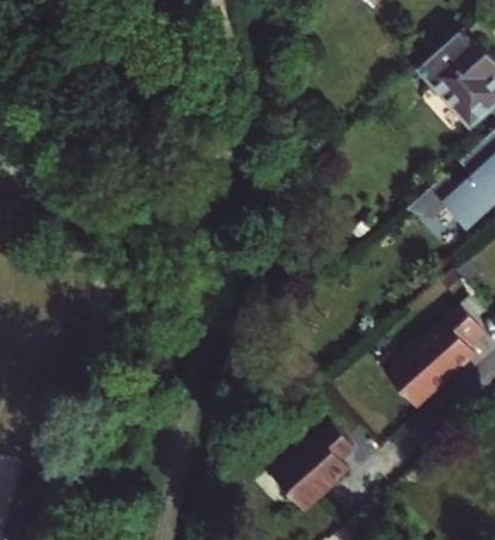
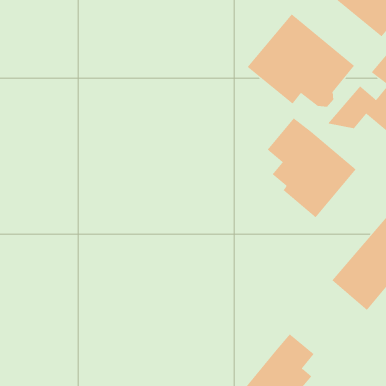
building: none -> [247,13,355,107]
building: none -> [267,117,356,218]

